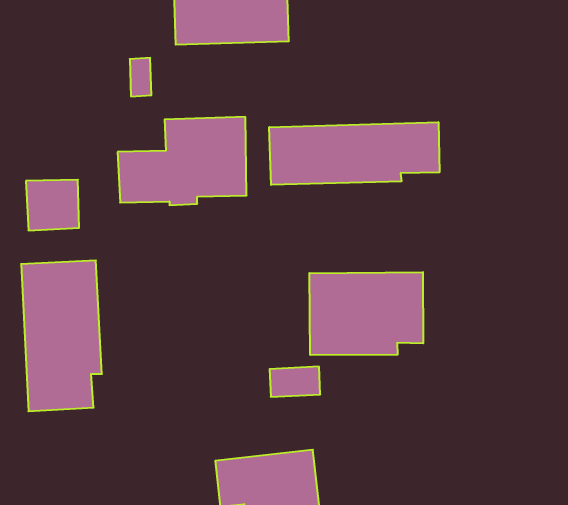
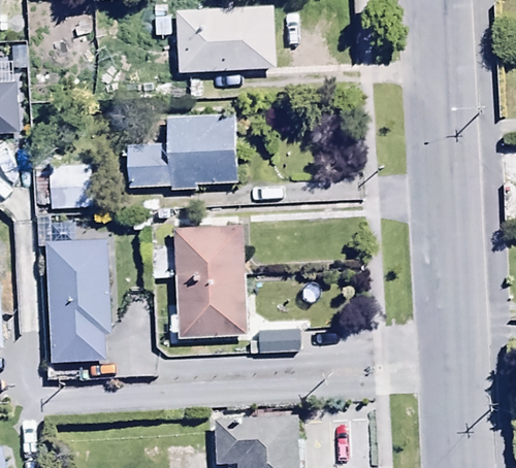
building: [269,122,439,185] -> none
building: none -> [173,216,245,327]
building: [309,272,423,355] -> none

